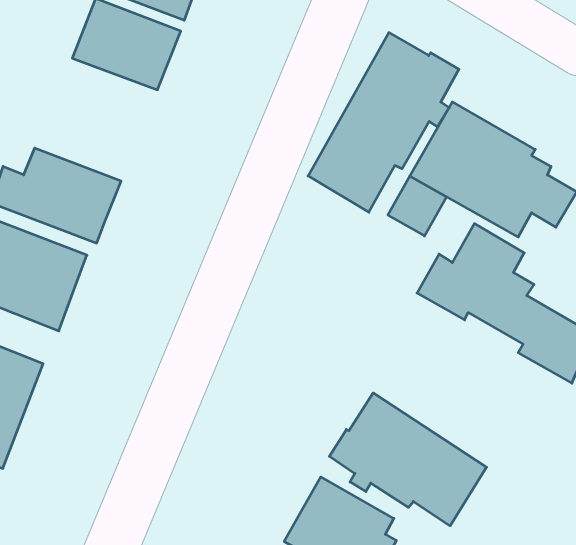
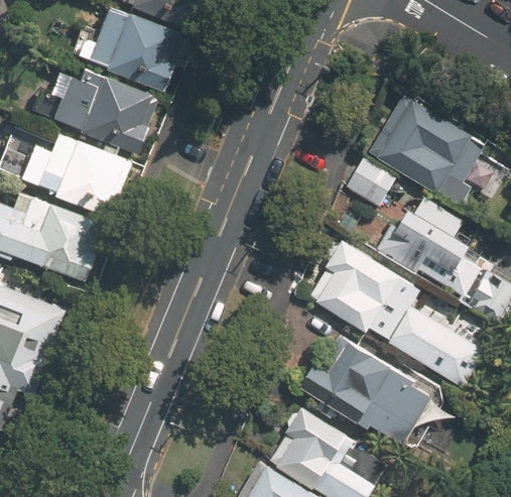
building: [308,33,459,212] -> none
building: none -> [51,69,154,152]
building: none -> [309,238,486,387]

